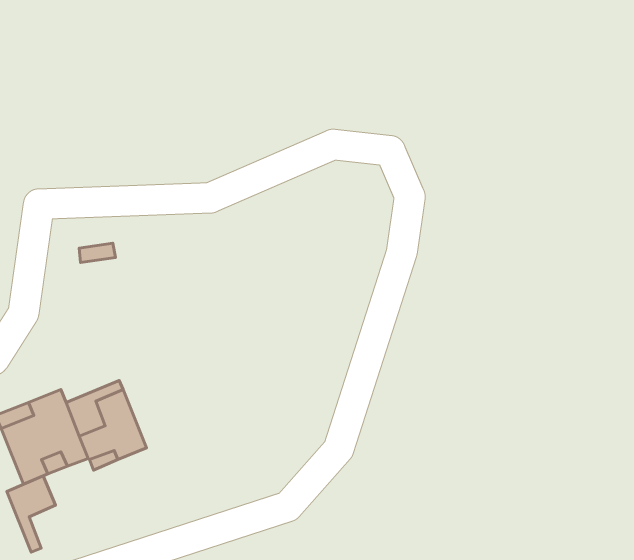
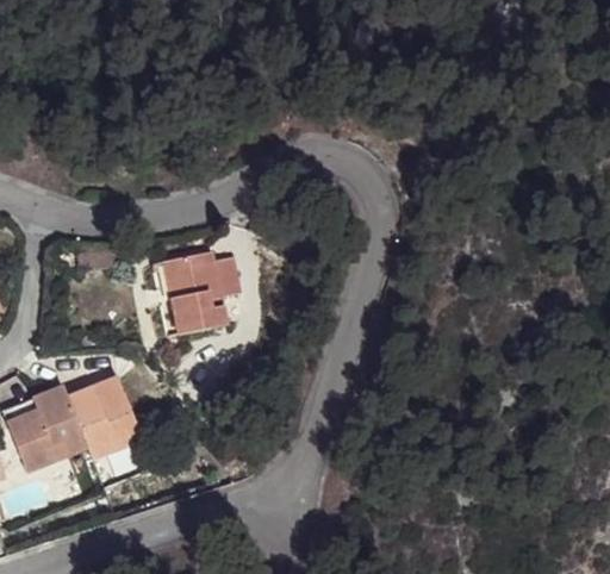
building: none -> [169,251,239,333]
building: [7,476,55,552] -> none

